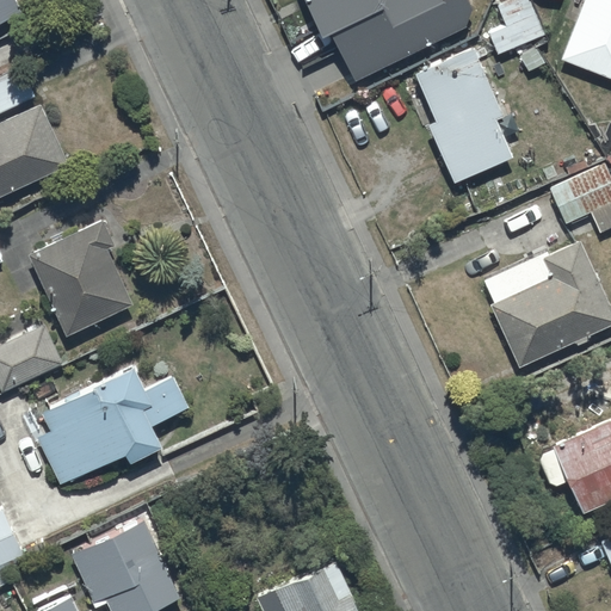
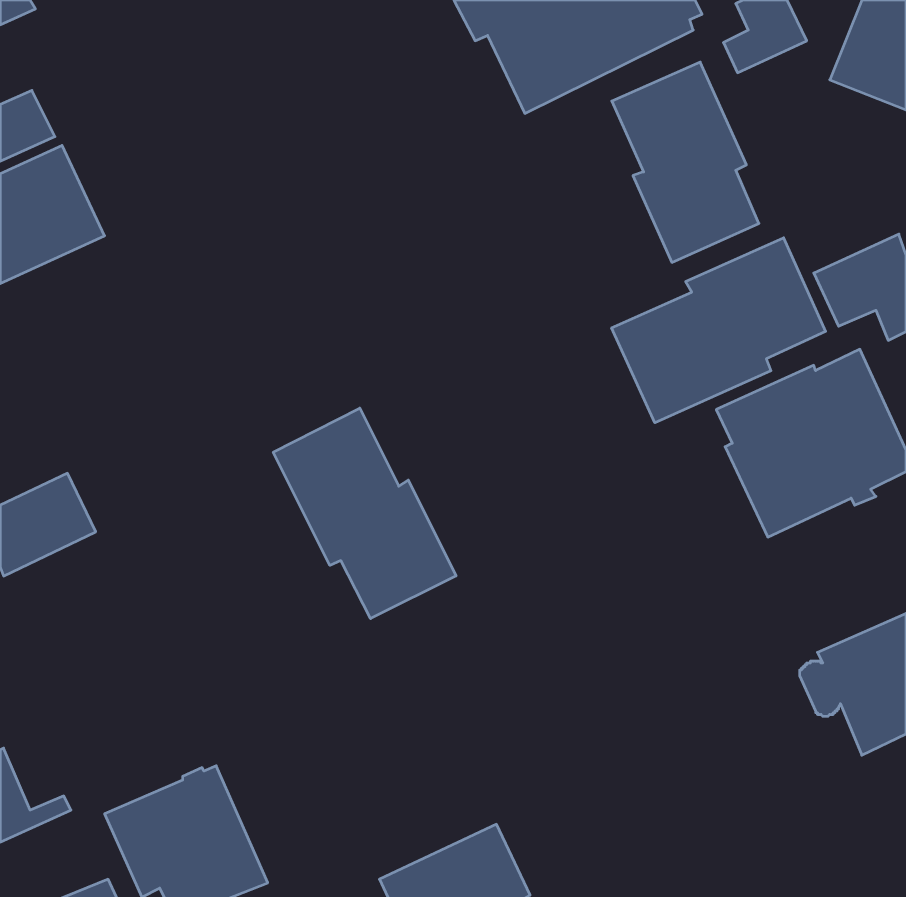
building: none -> [612,238,826,423]
building: [29,220,135,335] -> none
building: none -> [273,408,456,619]
building: [37,366,191,486] -> none

